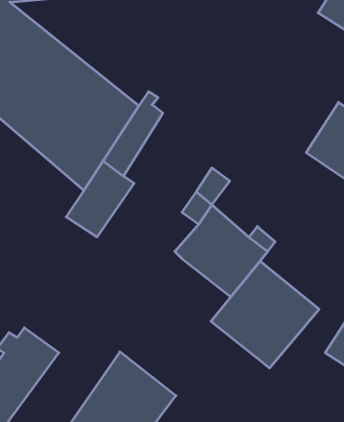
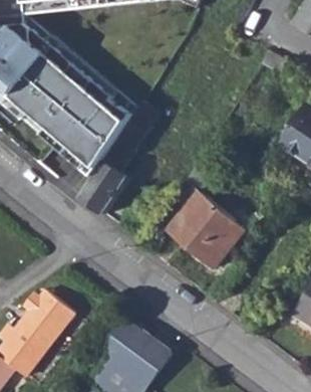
building: [211,261,319,368] -> none

